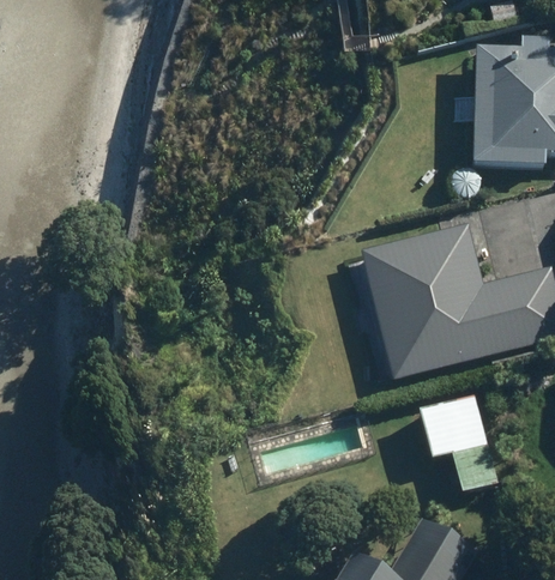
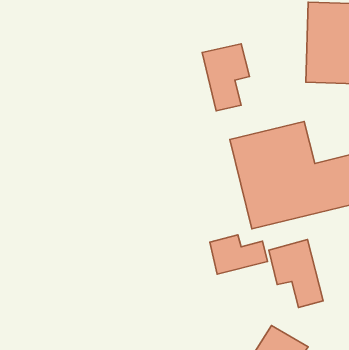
building: none -> [202,44,250,111]
building: none -> [210,235,267,274]

